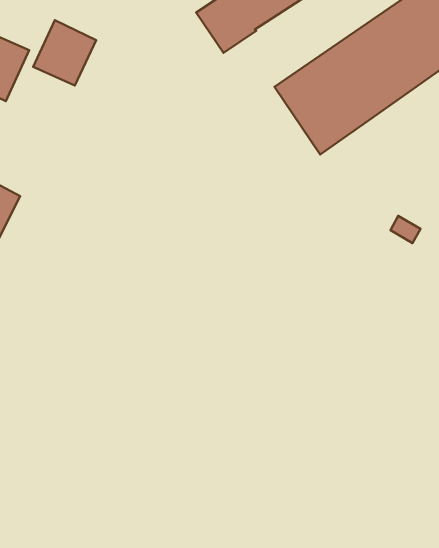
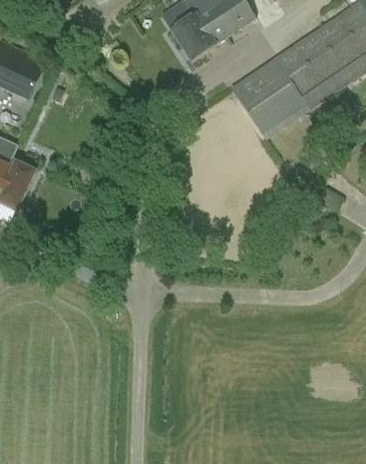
building: [33,20,96,85] -> none

